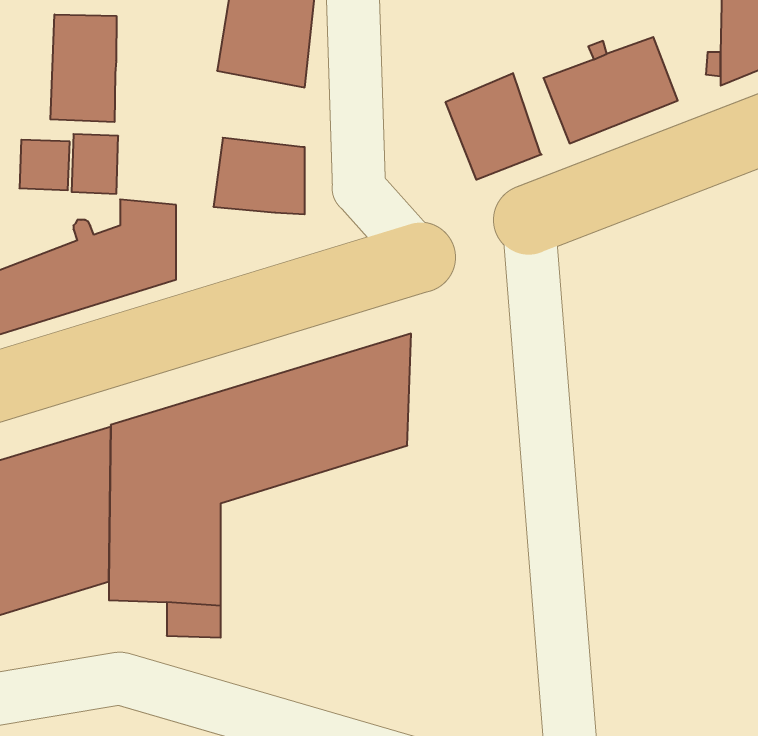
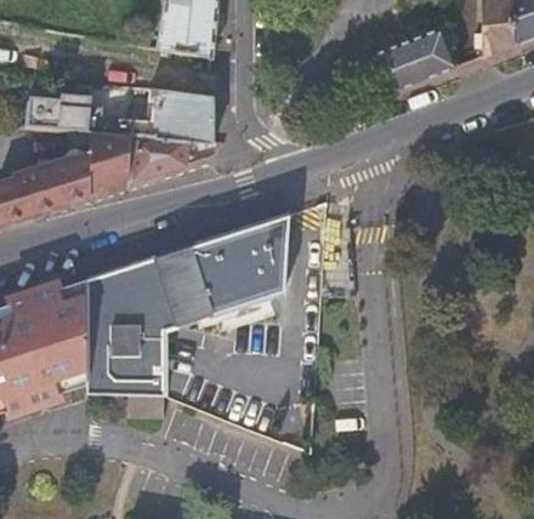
building: [50,14,116,122] -> none
building: [446,73,542,180] -> none
building: none -> [129,137,193,186]

